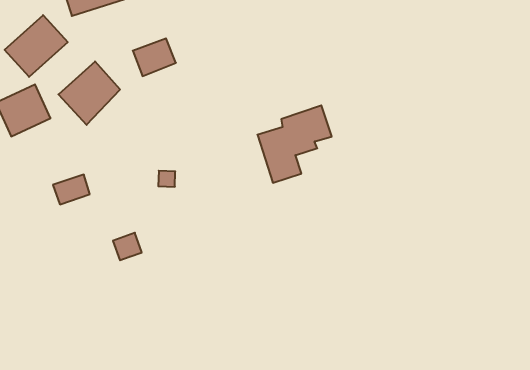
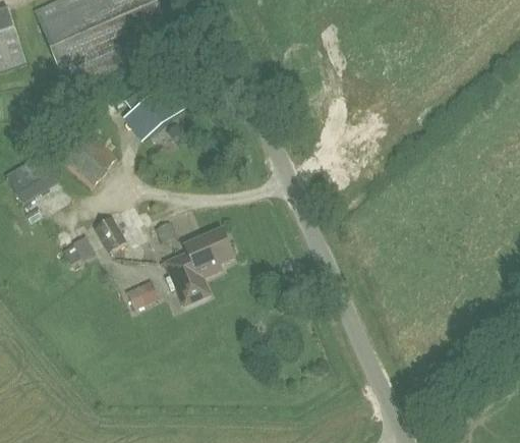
building: [5,15,68,77] -> none
building: [257,105,332,183] -> [165,229,233,304]
building: none -> [95,217,126,251]

